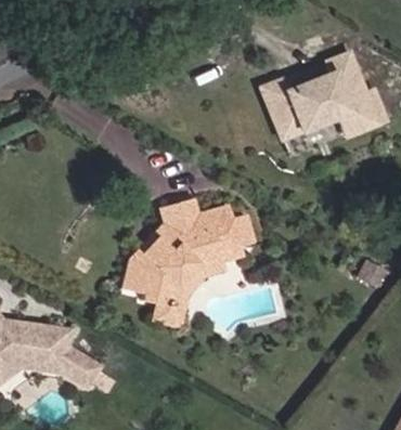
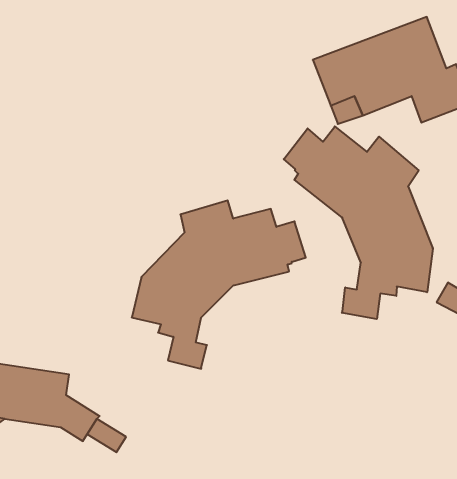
building: none -> [284,126,433,319]
building: [170,252,244,328] -> none

